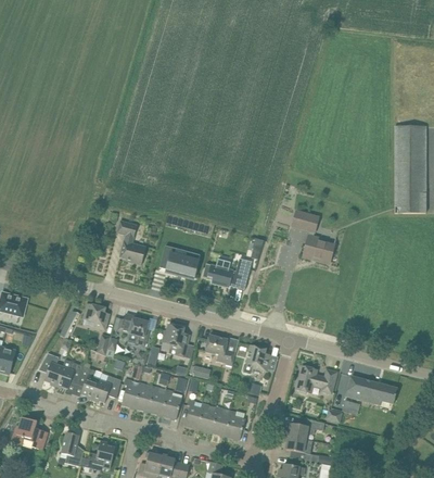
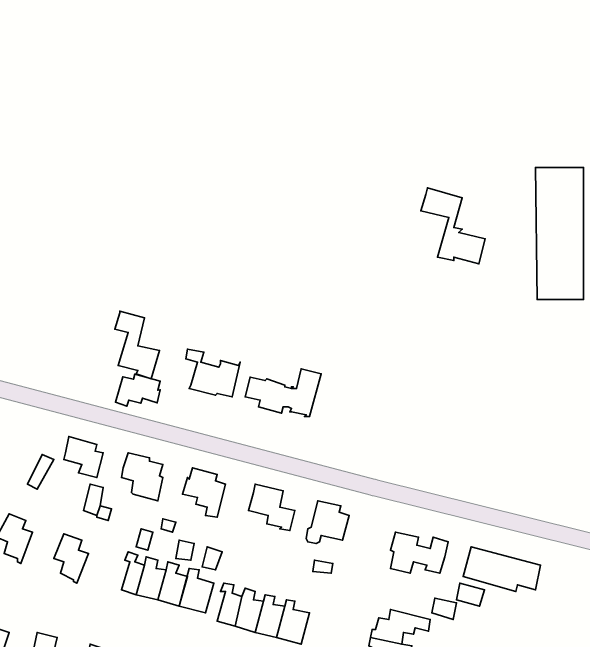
building: [292,210,334,260] -> [421,188,485,264]
building: none -> [116,374,160,406]
building: [55,360,84,388] -> none
building: [92,375,120,401] -> none

